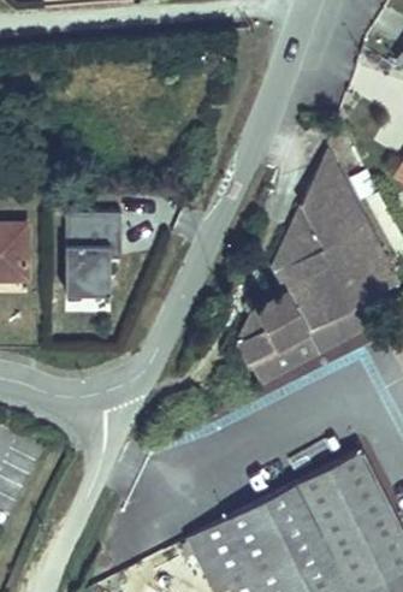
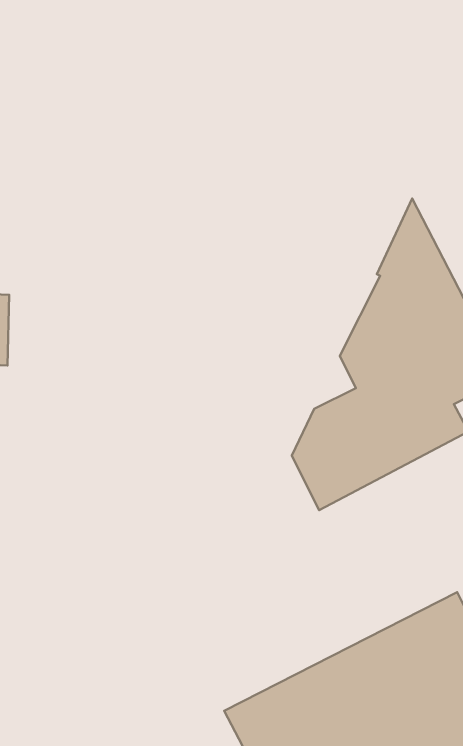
building: [69,213,124,295] -> none

